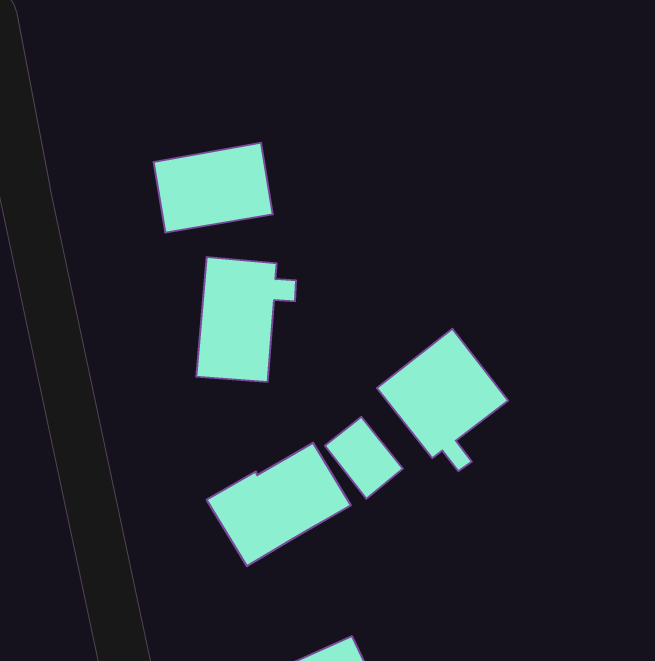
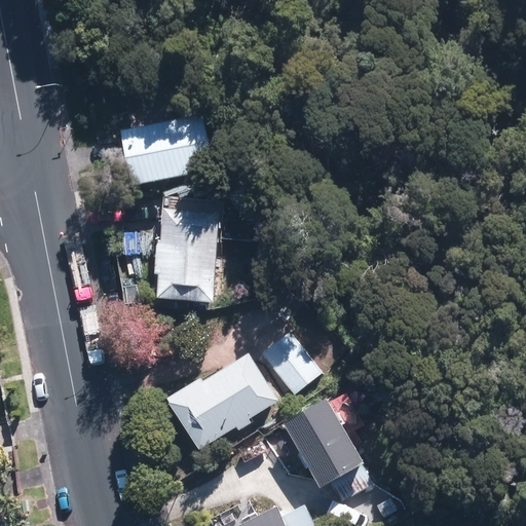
building: [377,329,508,471] -> none
building: none -> [280,394,371,508]

